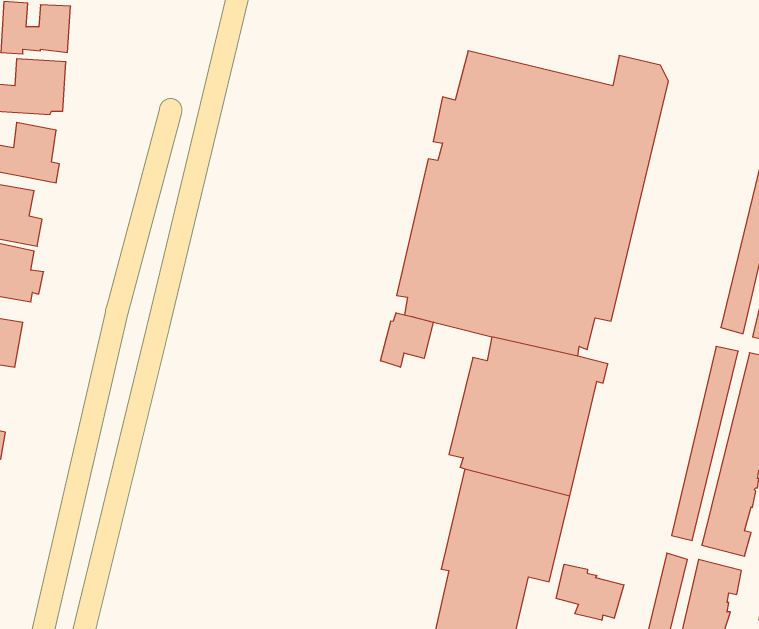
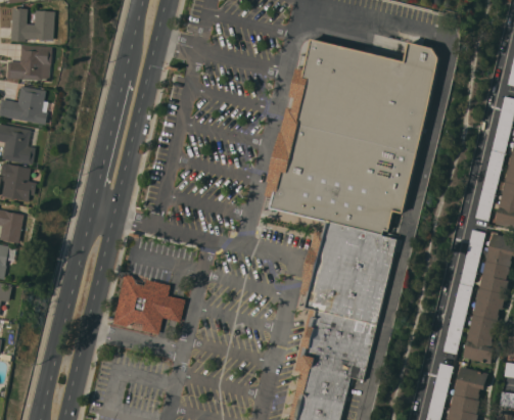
building: [380,313,433,367] -> none
building: none -> [112,274,185,334]
building: [556,564,624,620] -> none

